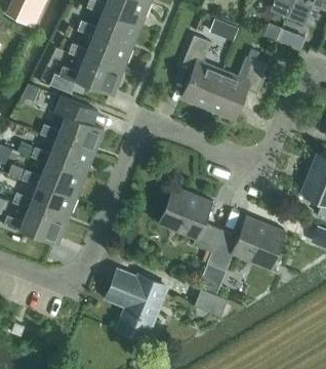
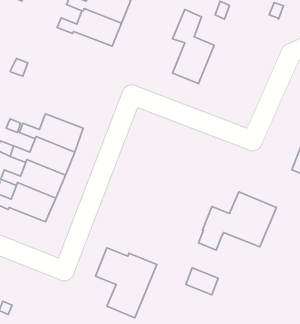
building: [49,56,122,94] -> none
building: [207,58,268,118] -> none
building: [40,95,104,152] -> none
building: [158,184,220,252] -> none

